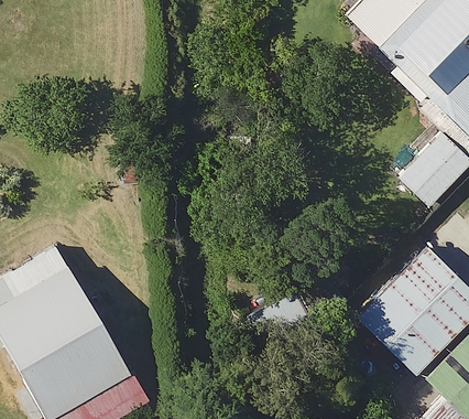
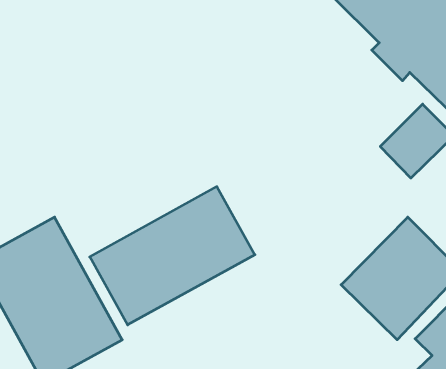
building: none -> [90,187,255,325]

